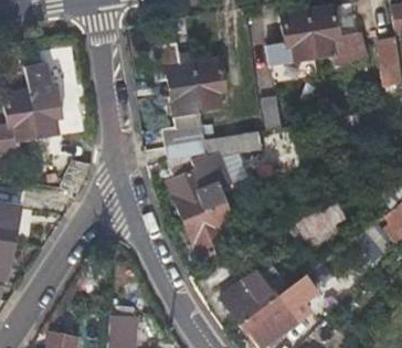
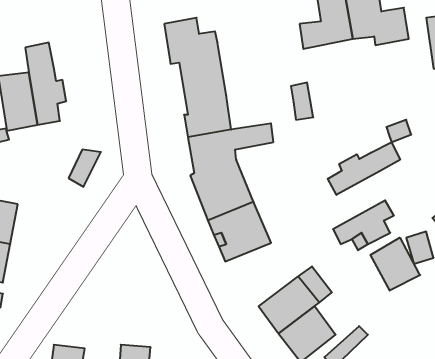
building: [194,57,234,109] -> none
building: none -> [328,142,400,195]
building: none -> [371,238,420,291]

